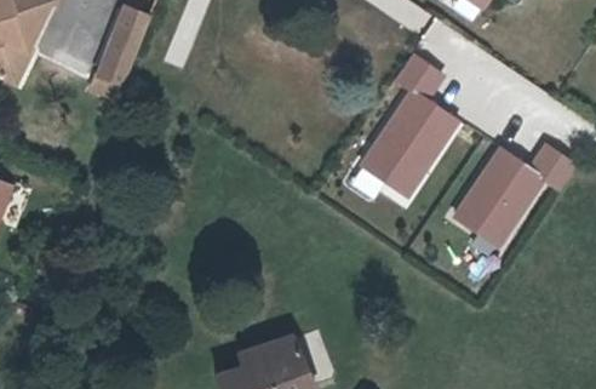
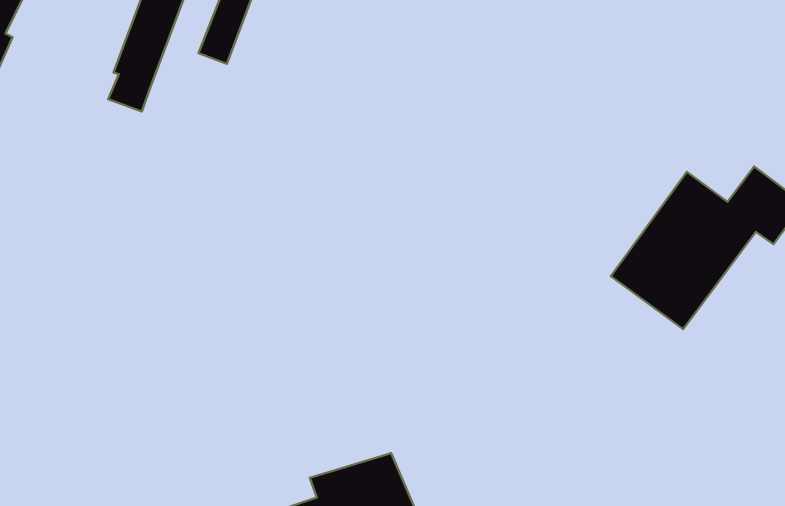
building: [353,51,459,200] -> none

